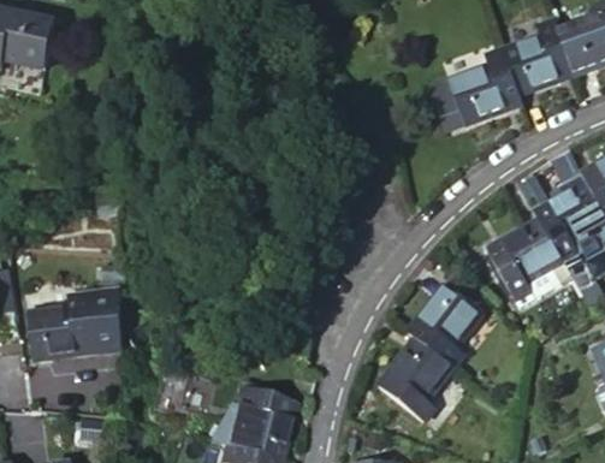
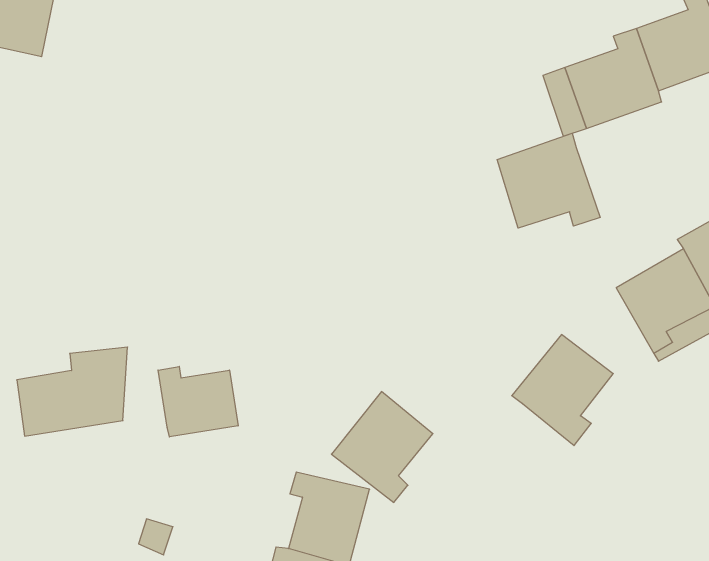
building: none -> [497,133,600,228]
building: none -> [158,366,238,437]
building: [376,336,455,421] -> [331,392,433,502]

